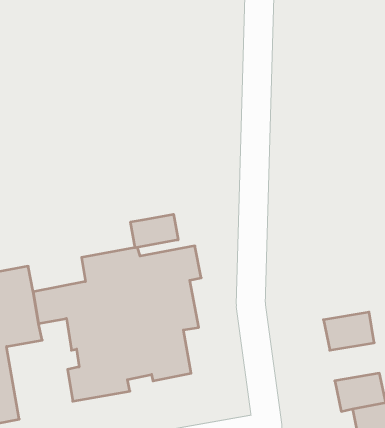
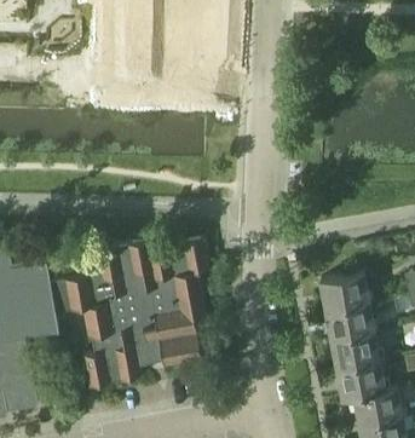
building: [131,214,178,248] -> none
building: none -> [322,271,370,310]
building: none -> [333,332,380,368]

